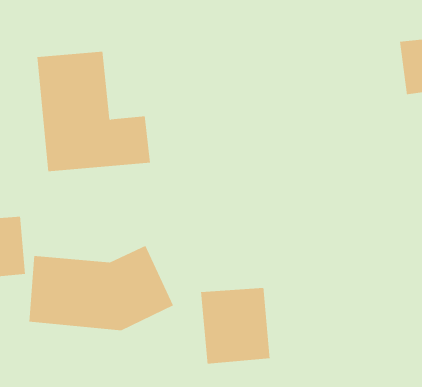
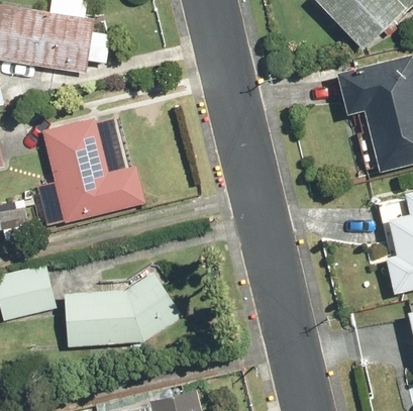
building: [201,287,270,365] -> none

